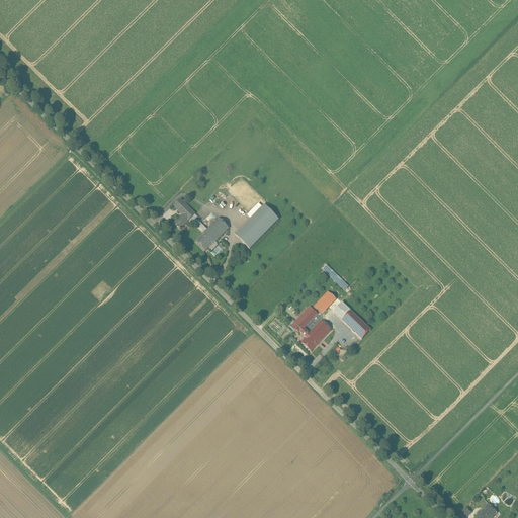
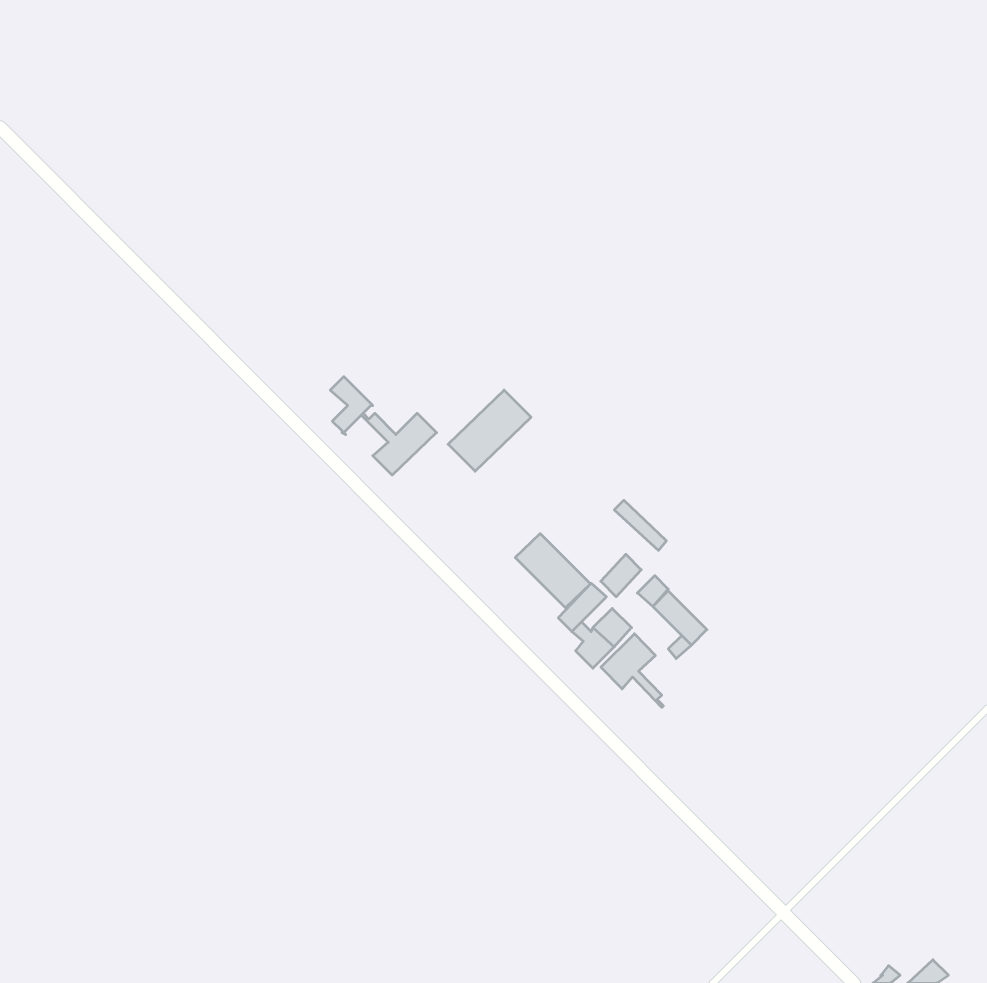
building: none -> [515,534,590,608]
building: none -> [601,634,663,707]

